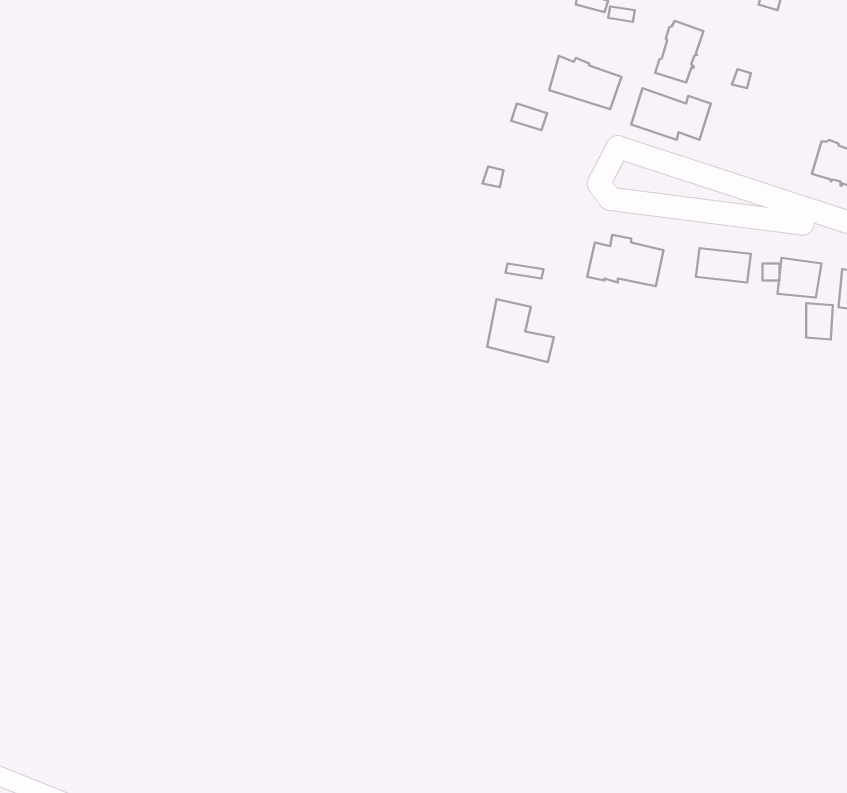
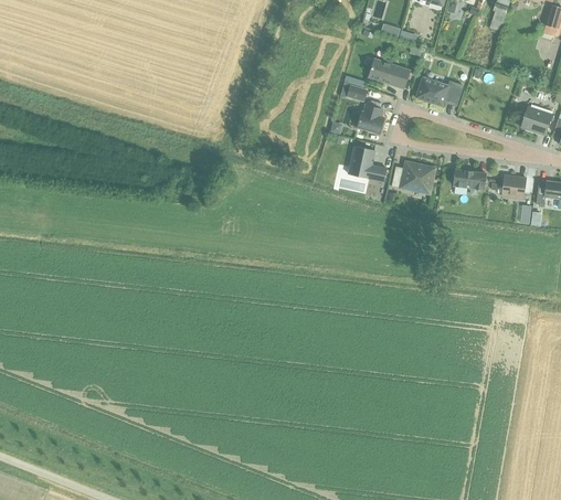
building: [655,21,703,83] -> none
building: none -> [357,104,384,134]
building: [487,299,554,362] -> [349,146,388,182]

